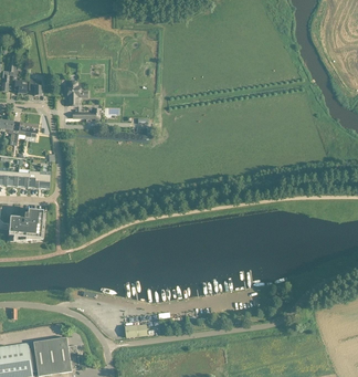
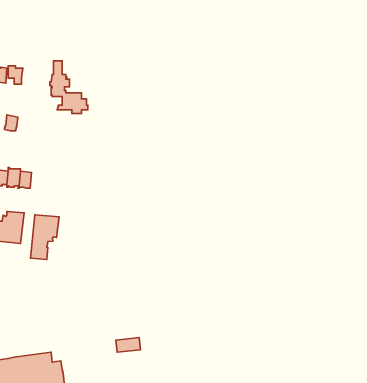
building: none -> [30,215,59,259]

